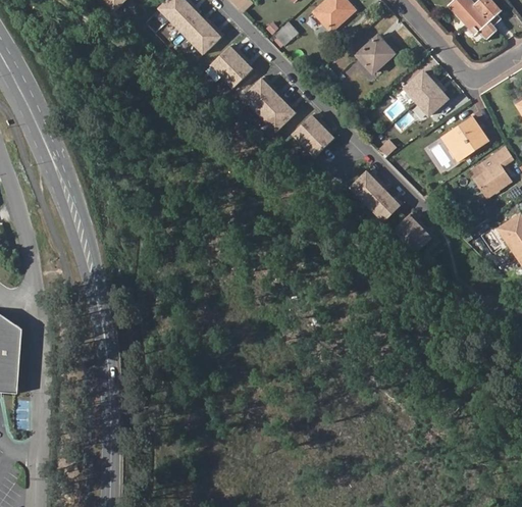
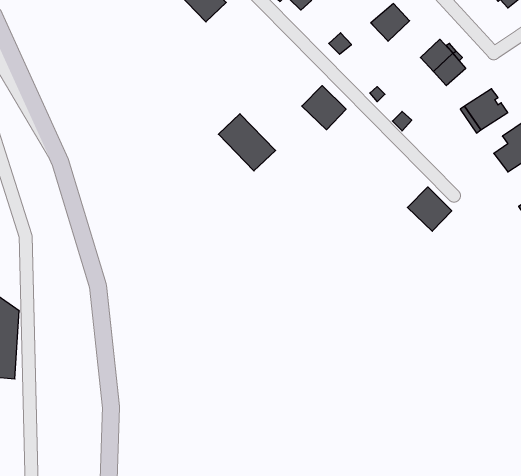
building: [210,46,252,88] -> none
building: [241,78,295,132] -> [218,114,276,171]
building: [348,166,402,220] -> none

